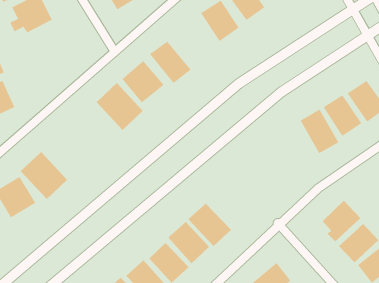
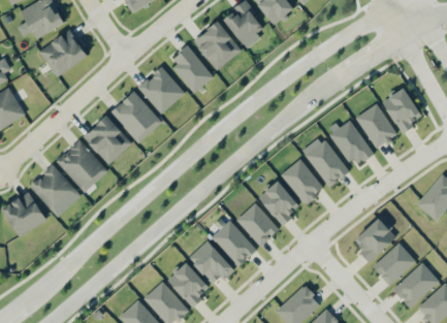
building: none -> [192,20,242,69]
building: none -> [38,29,87,76]
building: none -> [83,115,132,164]
building: none -> [301,135,349,187]
building: none -> [56,139,107,192]
building: none -> [281,158,324,203]
building: none -> [258,180,301,224]
building: none -> [235,201,279,246]

